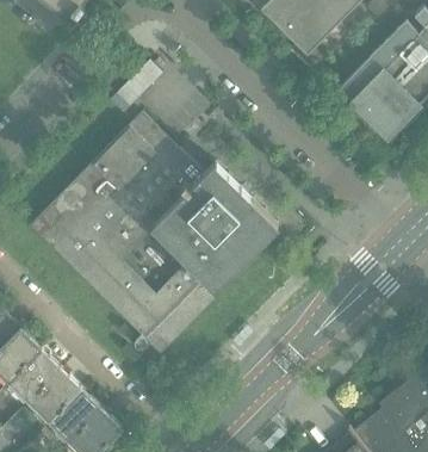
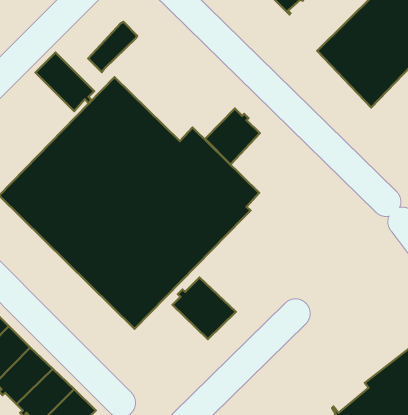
building: none -> [35,52,94,111]
building: none -> [205,109,260,165]
building: none -> [173,278,236,339]

